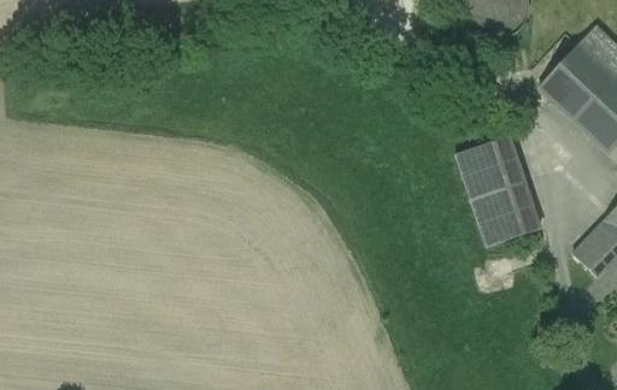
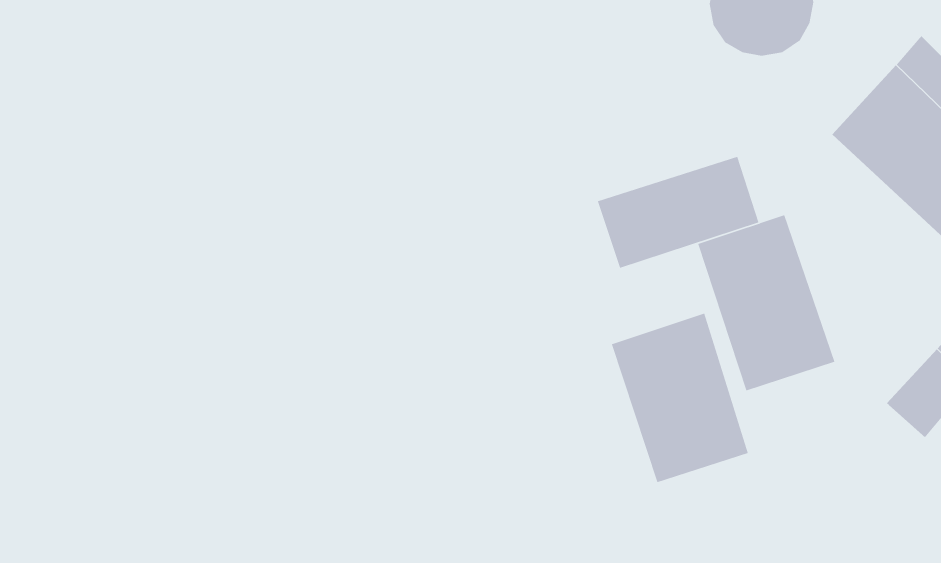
building: none -> [597,156,760,269]
building: none -> [611,313,749,483]

